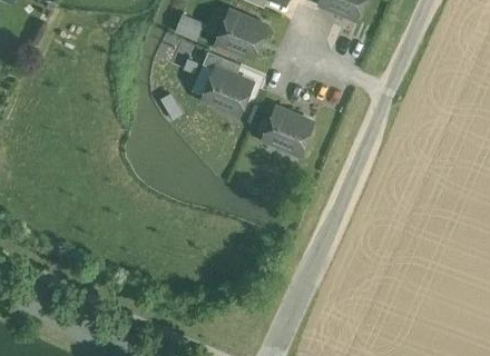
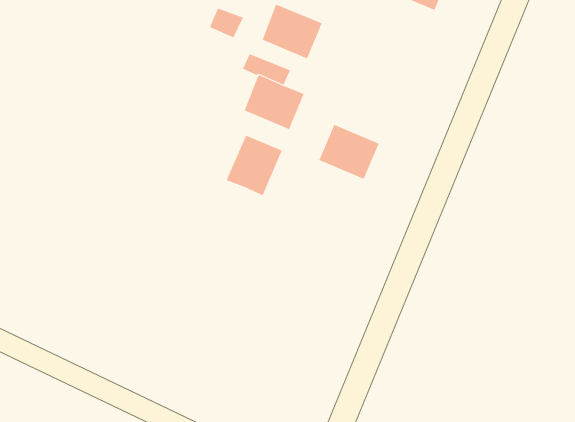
building: none -> [226,135,282,196]

